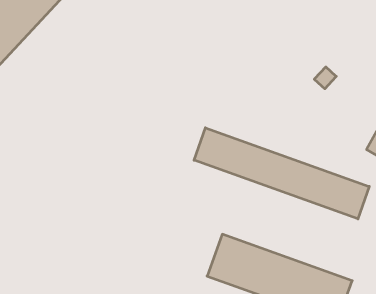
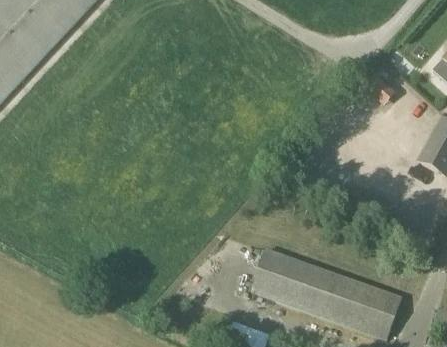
building: [194,128,369,219] -> none

